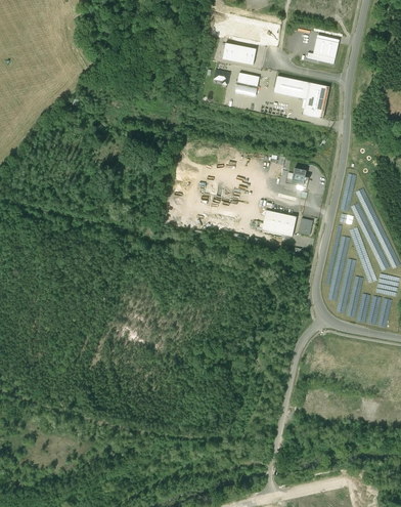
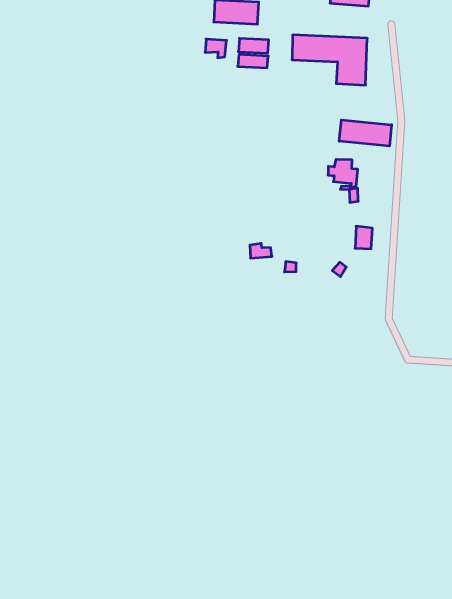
building: none -> [339,120,392,146]
building: [261,210,296,237] -> none

